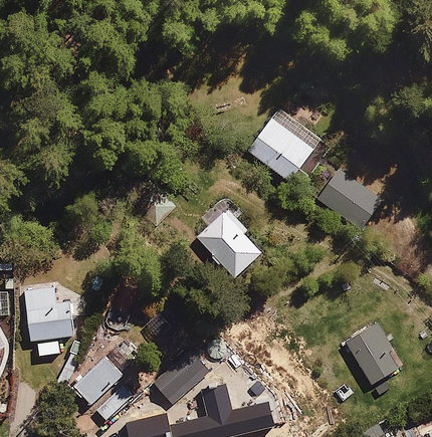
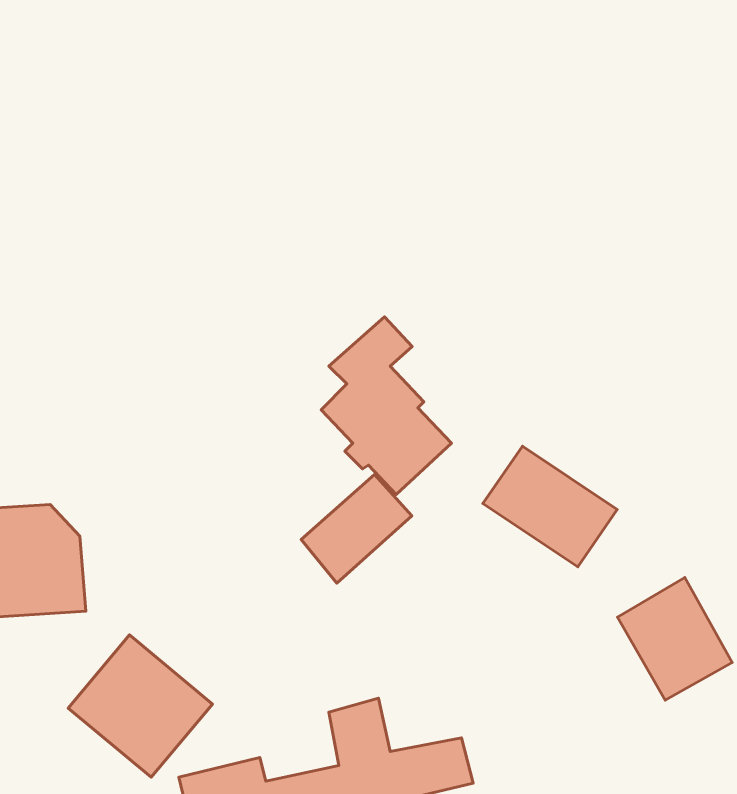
building: [245,116,315,184] -> none
building: [312,170,381,231] -> [483,446,617,567]
building: [155,353,211,408] -> [301,474,412,583]

